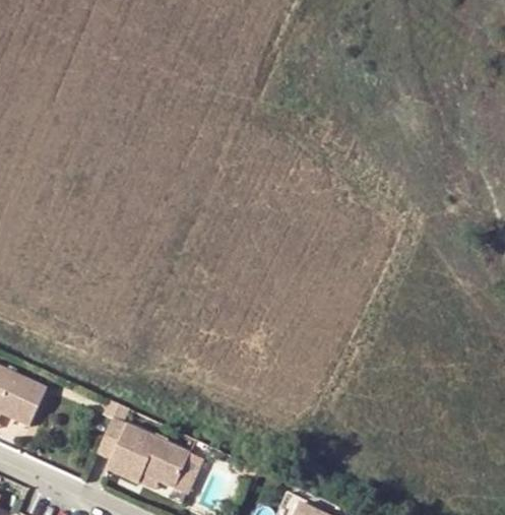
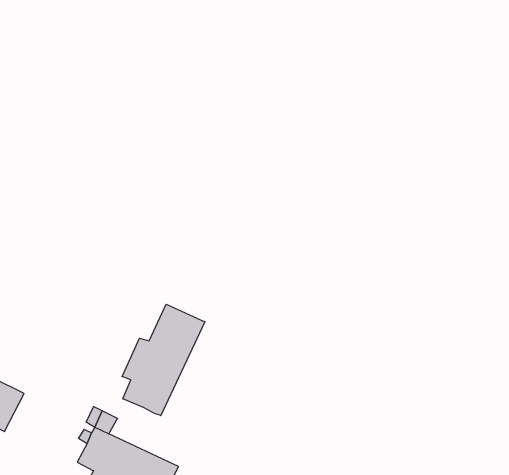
building: none -> [122,304,205,416]

